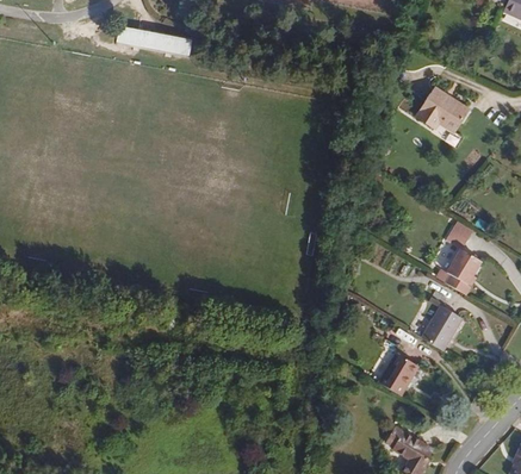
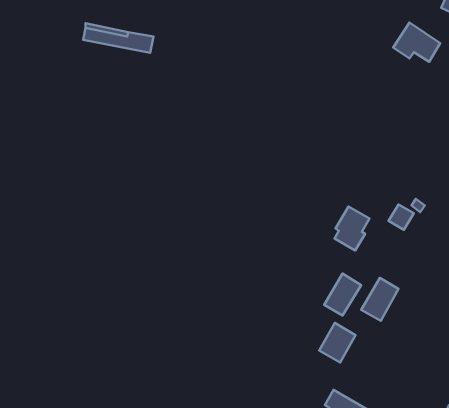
building: [416,88,467,131] -> [393,22,440,62]
building: [446,251,484,299] -> [334,207,370,250]
building: none -> [324,274,361,315]

